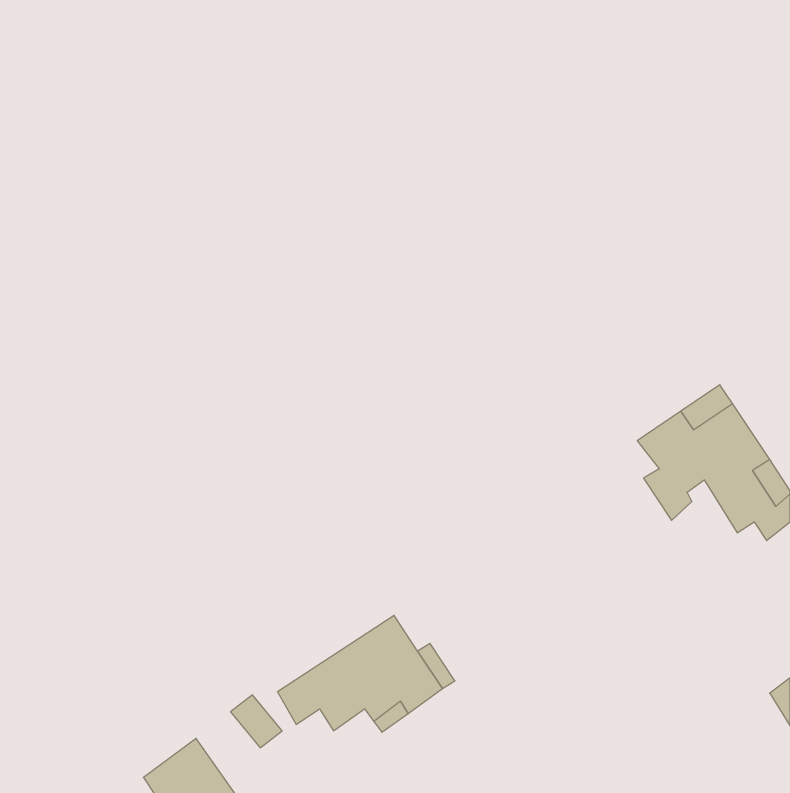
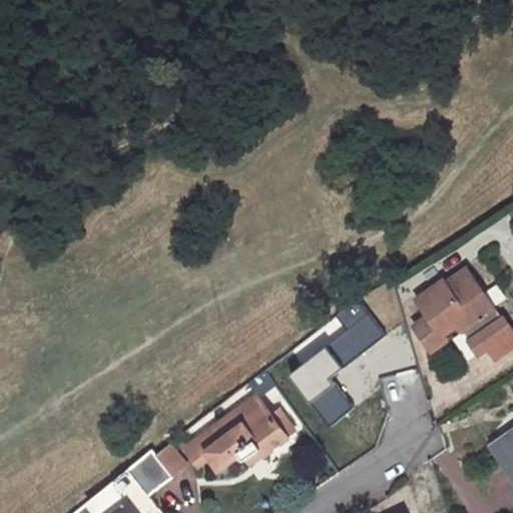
building: none -> [336,302,384,360]
building: none -> [288,345,354,428]
building: none -> [126,460,167,502]

